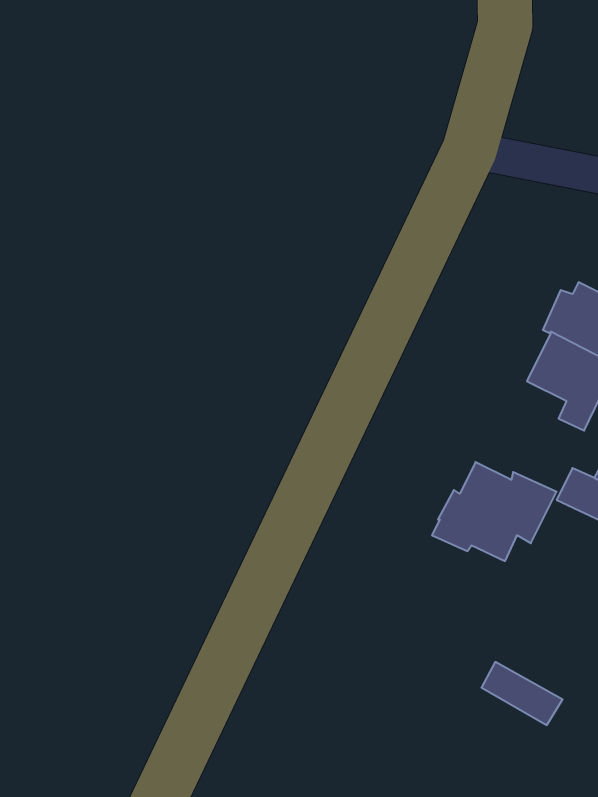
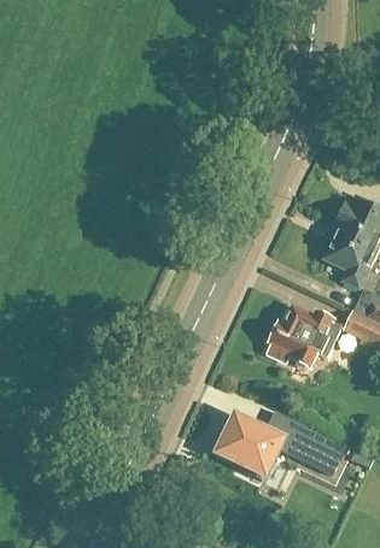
building: none -> [218,414,286,478]

